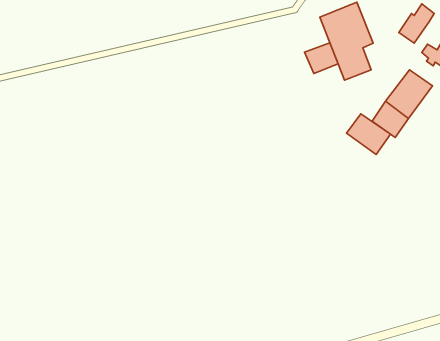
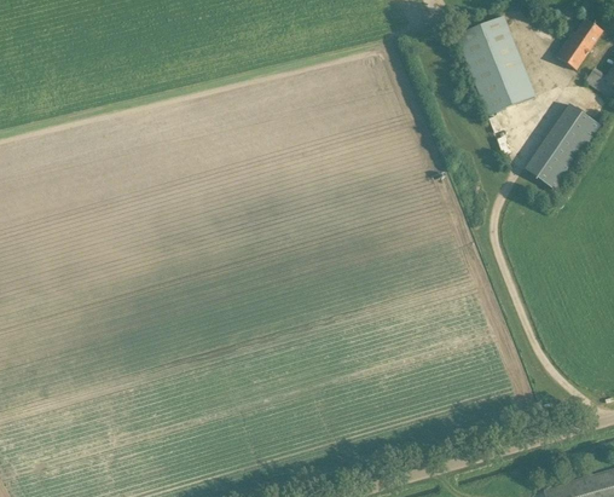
building: [305,43,338,73] -> none
building: [346,114,390,154] -> none

